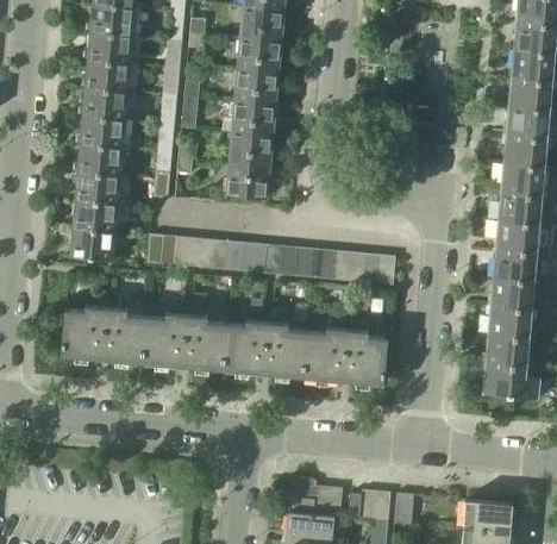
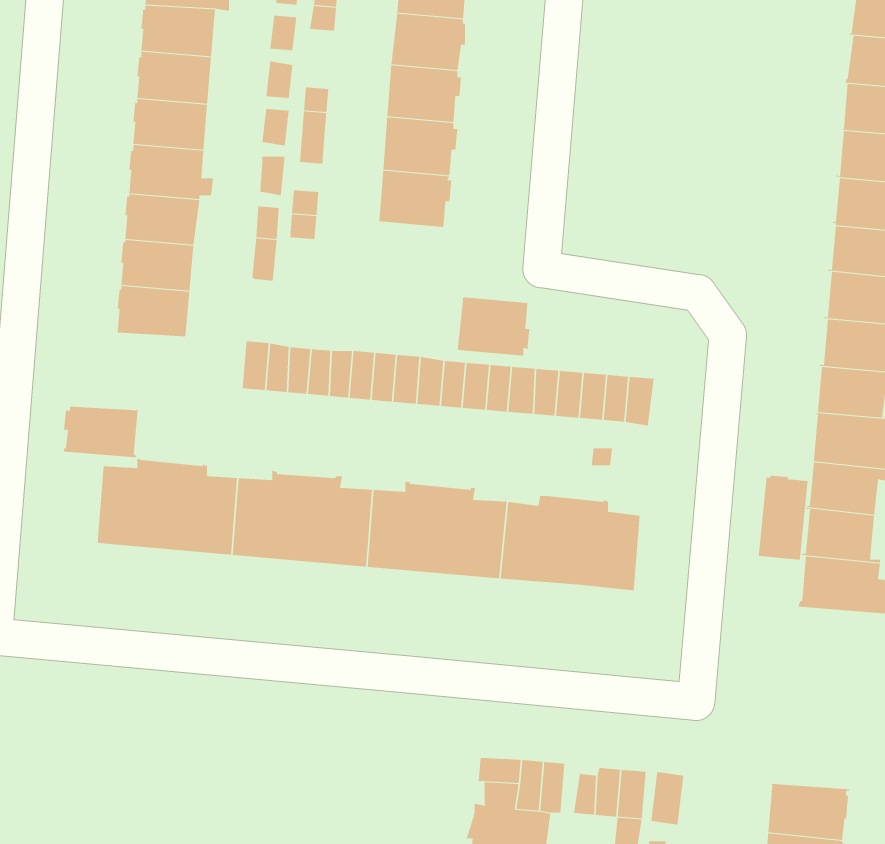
building: [227,163,271,199] -> [457,297,530,356]
building: [70,230,115,261] -> [63,406,139,458]
building: none -> [758,475,808,560]

